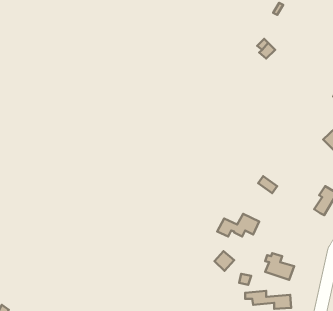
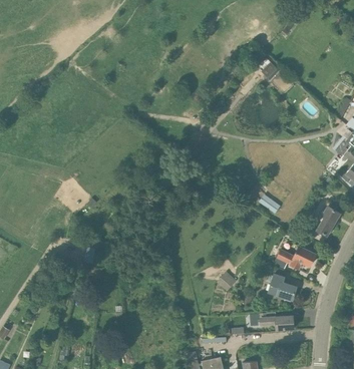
building: [217,214,259,237] -> [274,246,316,269]

